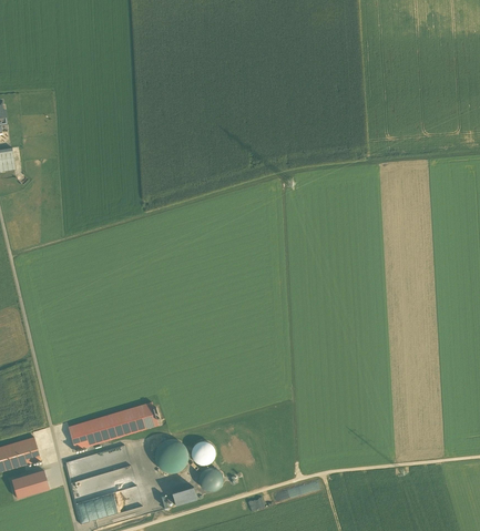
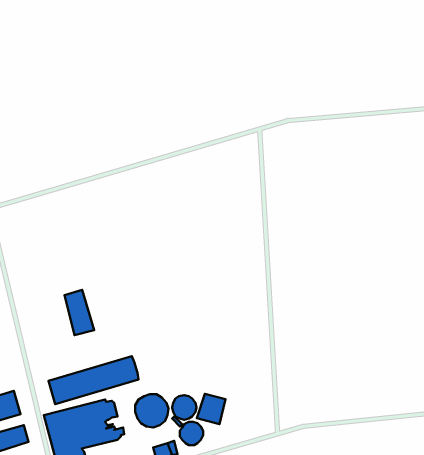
building: none -> [64,290,94,335]
building: none -> [197,394,226,424]

